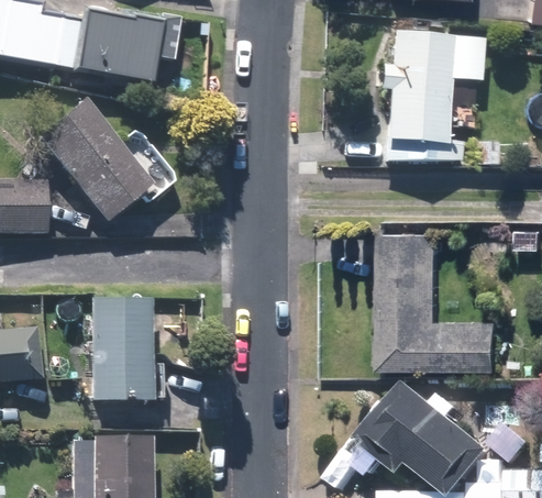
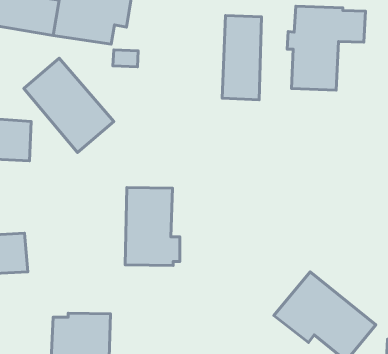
building: none -> [222,16,261,100]
building: [383,232,502,368] -> none
building: [90,300,162,402] -> [125,187,180,266]

